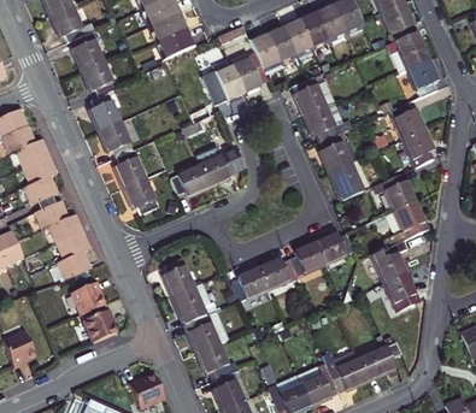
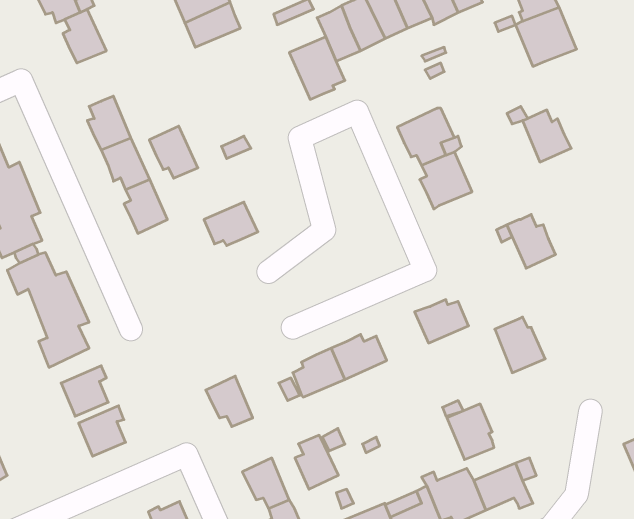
building: [205,59,243,104] -> none
building: [406,60,436,96] -> none
building: [82,61,116,96] -> none
building: [294,76,331,114] -> none
building: [402,129,433,166] -> none
building: [198,153,233,187] -> none
building: [329,159,369,197] -> none
building: [124,178,158,214] -> [149,126,198,178]
building: [384,202,423,247] -> none
building: [289,242,325,276] -> none
building: [163,259,192,296] -> none
building: [383,275,416,313] -> [447,404,494,460]
building: [187,315,217,353] -> [295,435,338,489]

